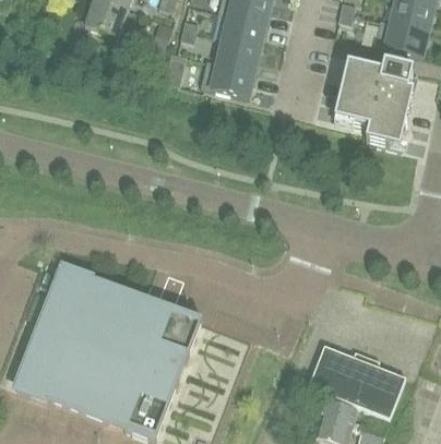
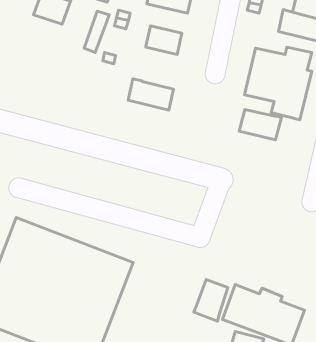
building: [223,13,266,46] -> none
building: [201,59,254,96] -> [128,79,173,110]
building: none -> [239,110,282,140]
building: none -> [194,280,228,321]

